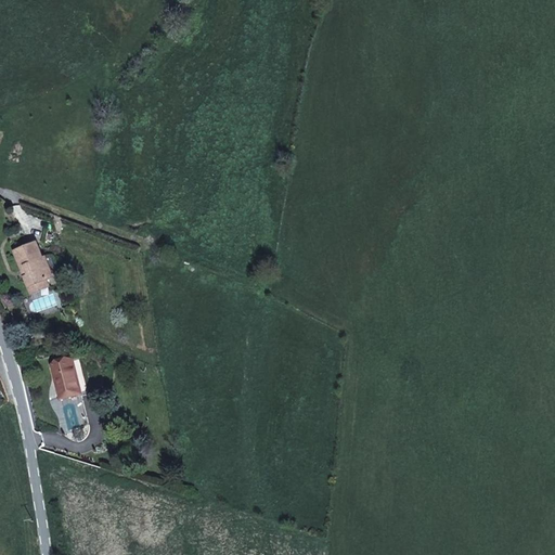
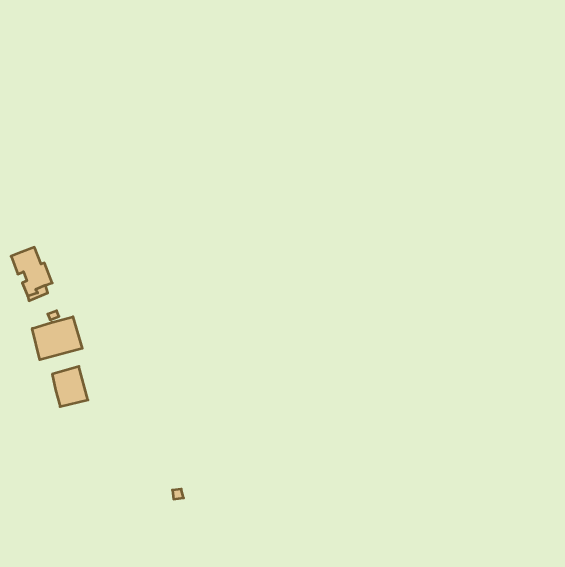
building: none -> [32,317,82,360]

